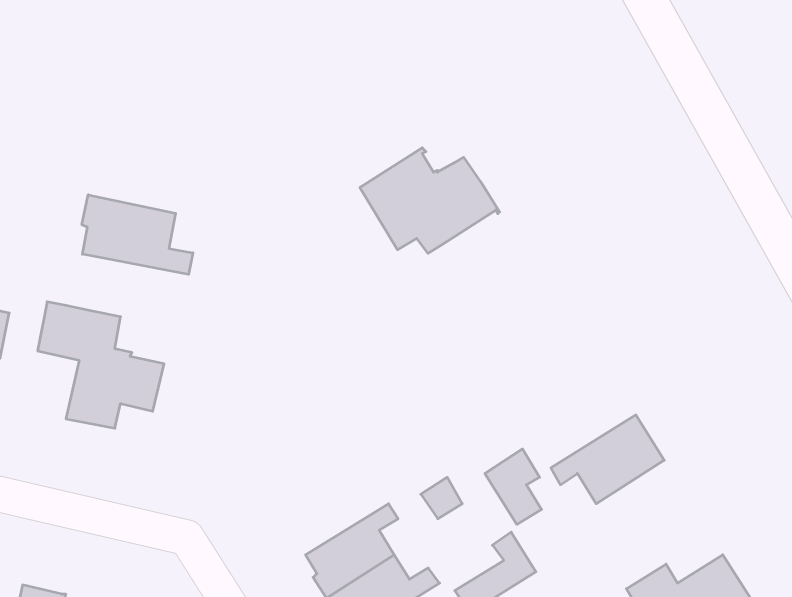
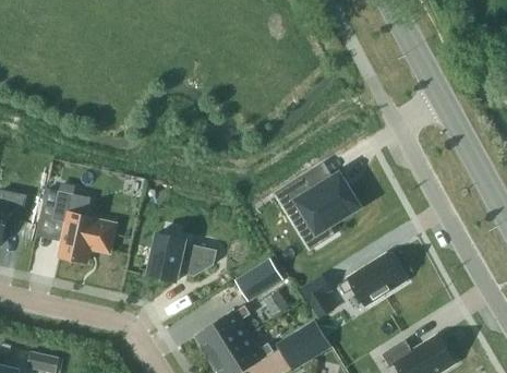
building: [360,148,500,253] -> [278,170,359,231]
building: [82,195,193,274] -> none
building: none -> [147,232,217,281]
building: none -> [234,260,281,301]

